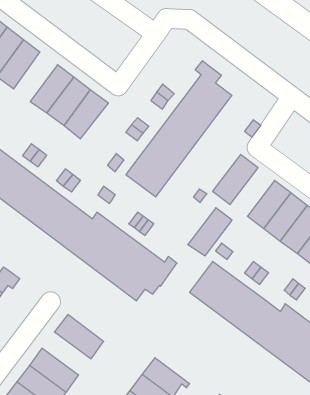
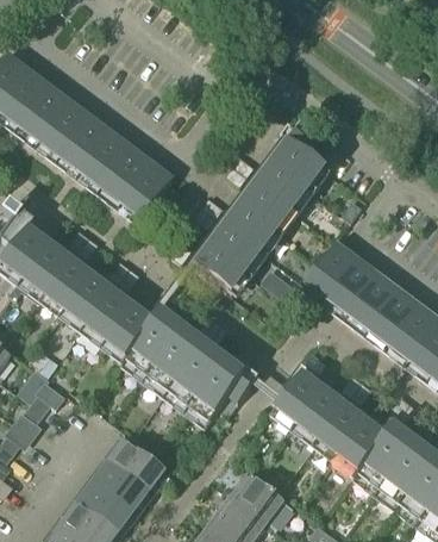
building: none -> [57,110,111,170]
building: [188,208,232,256] -> [324,253,378,312]
building: none -> [92,455,152,509]
building: none -> [231,466,293,522]

